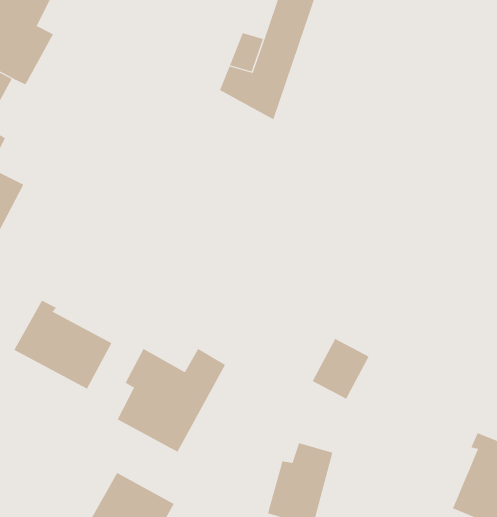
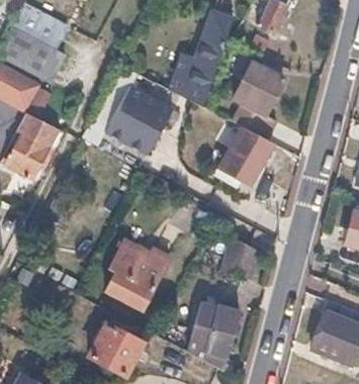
building: none -> [232,63,281,115]
building: none -> [105,87,173,156]
building: none -> [217,127,271,188]
building: [13,300,112,389] -> none

